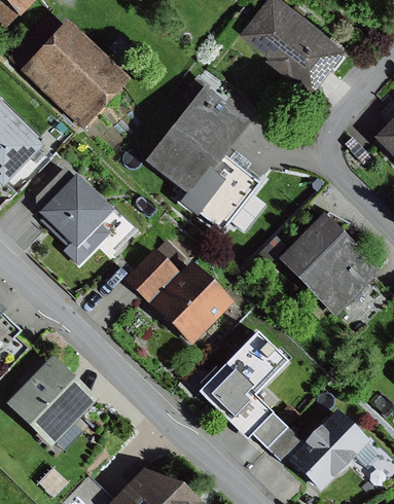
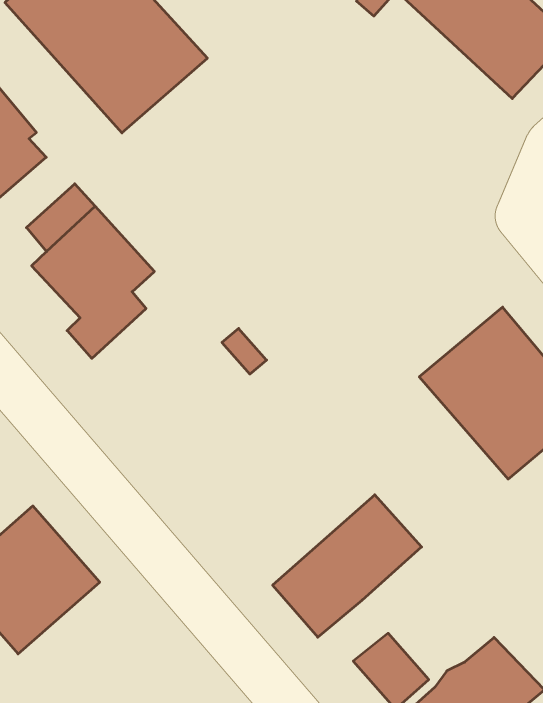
building: [145,83,263,233] -> none
building: [124,249,176,300] -> none
building: [150,262,230,341] -> none
building: [229,396,272,439] -> none

